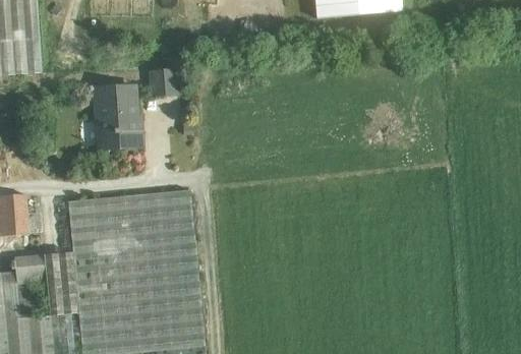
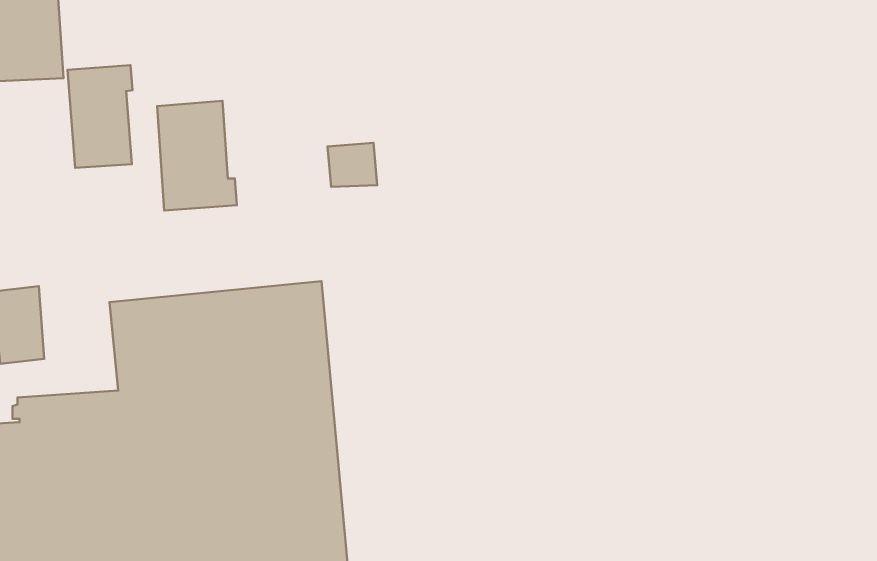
building: none -> [67,65,132,168]
building: [150,69,178,95] -> [328,143,377,187]

